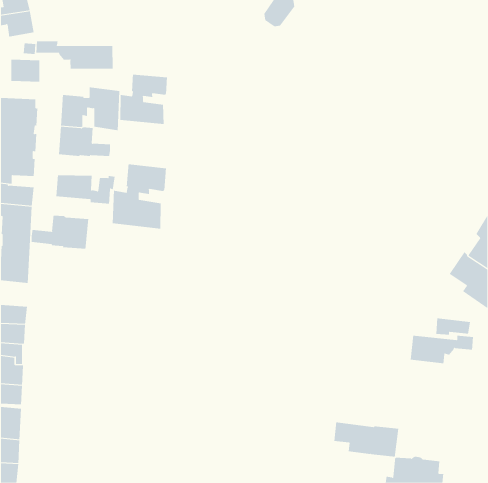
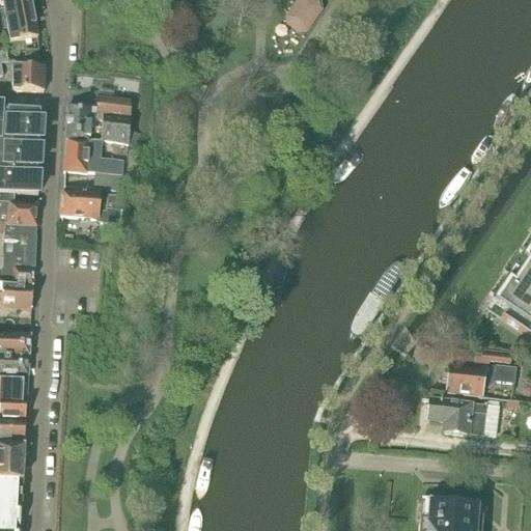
building: [36,41,113,69] -> none
building: [120,74,167,125] -> none
building: [112,163,166,230] -> none
building: [31,215,89,249] -> none
building: [333,422,399,457] -> [427,397,499,436]

